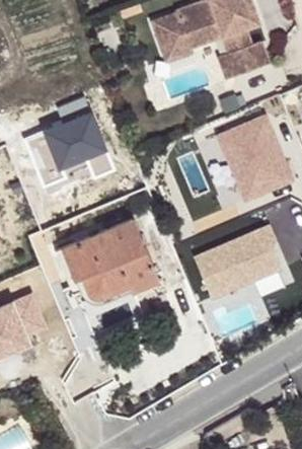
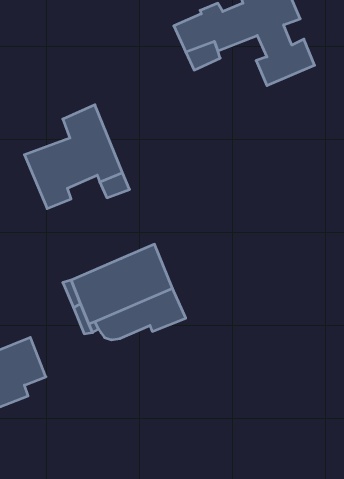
building: [216,117,291,202] -> none
building: [194,227,281,299] -> none

